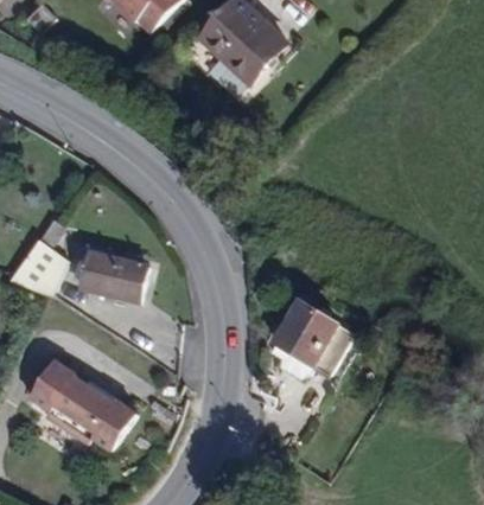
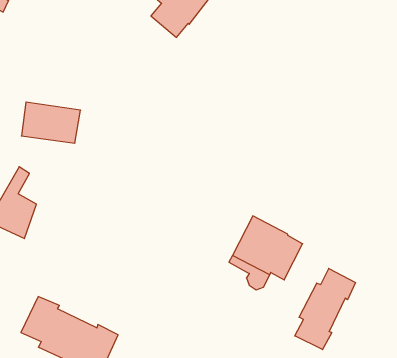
building: [78,250,146,300] -> [21,102,81,143]
building: none -> [295,268,356,350]

